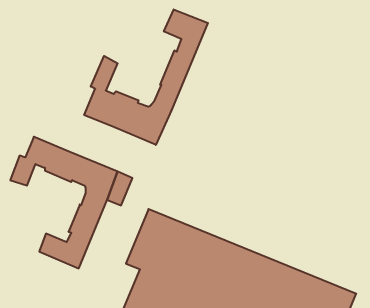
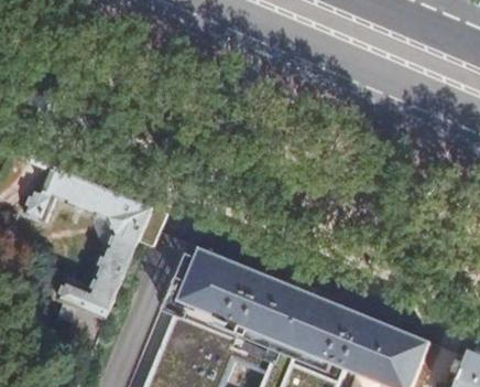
building: [84,9,208,145] -> none

